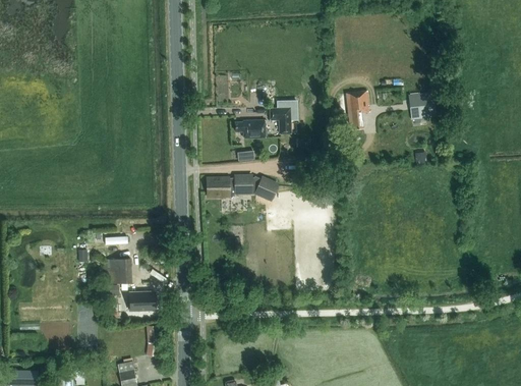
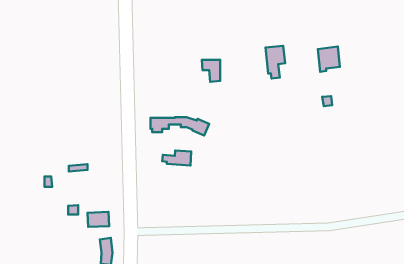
building: [235,120,265,139] -> none
building: none -> [162,150,191,165]
building: [104,258,132,283] -> none

